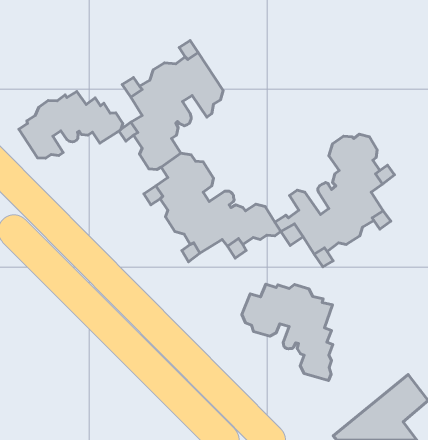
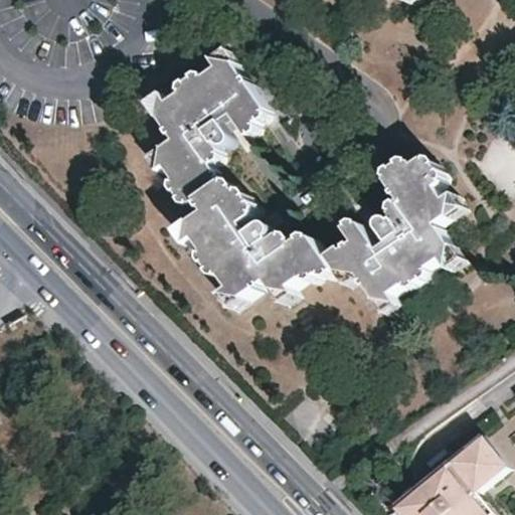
building: [19,91,123,158] -> none
building: [242,284,333,380] -> none

